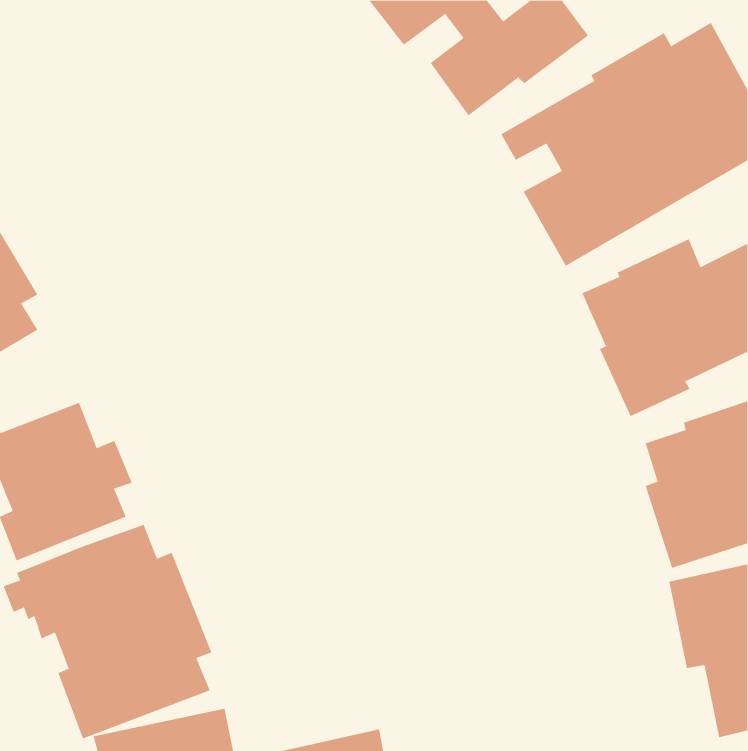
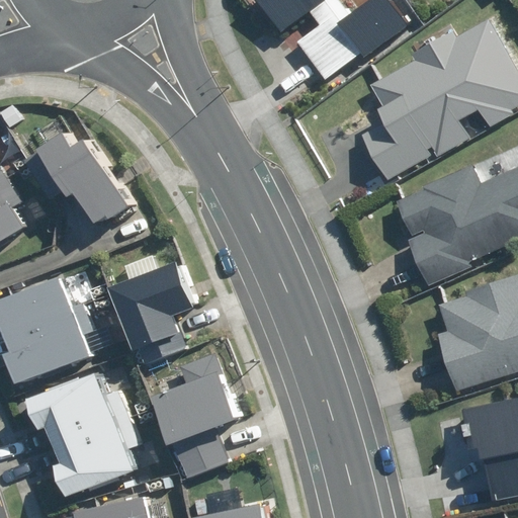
building: none -> [27,117,125,232]
building: none -> [108,261,195,365]
building: none -> [150,353,238,481]

